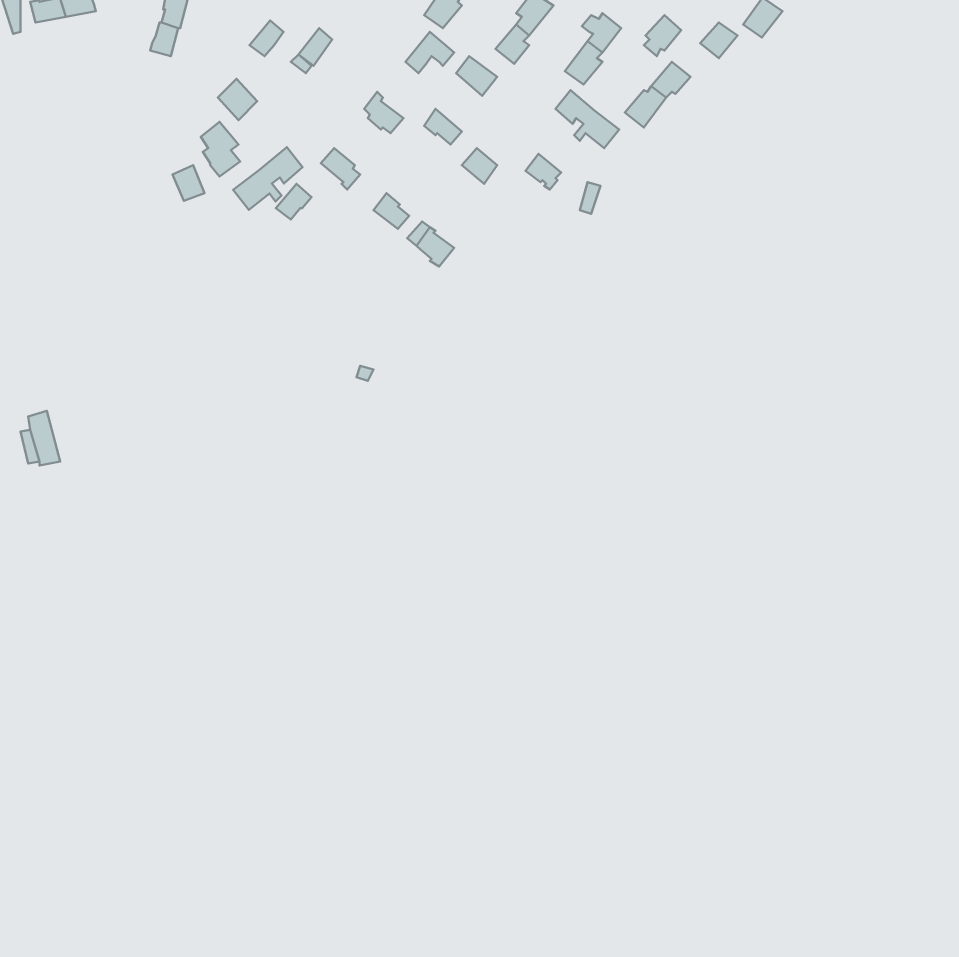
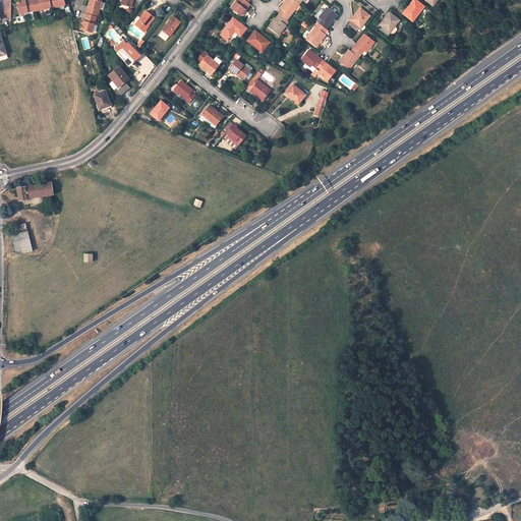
building: [233,147,303,210] -> none
building: none -> [16,181,53,199]

